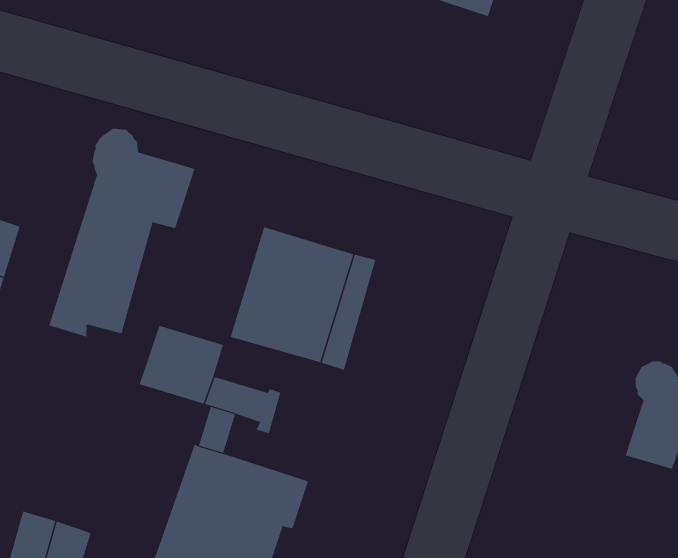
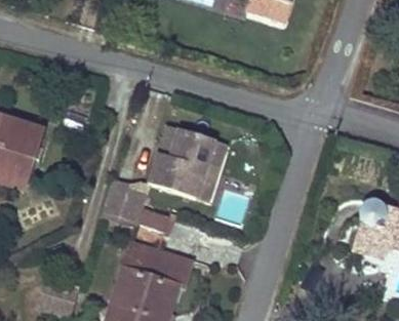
building: [49,128,195,338] -> none

